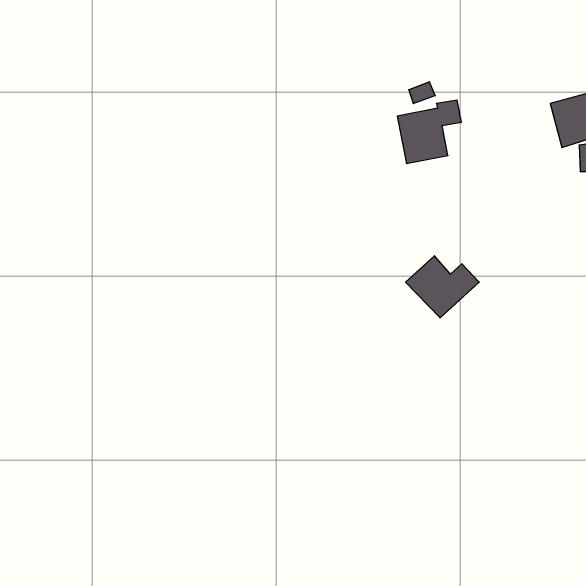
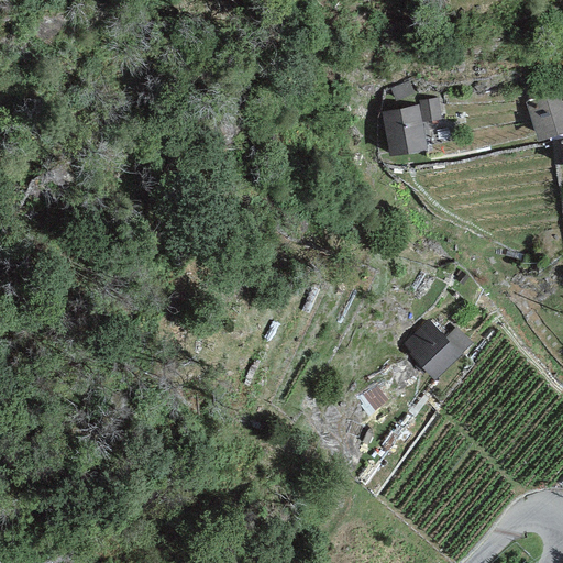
building: [406,256,479,318] -> [405,319,475,378]

